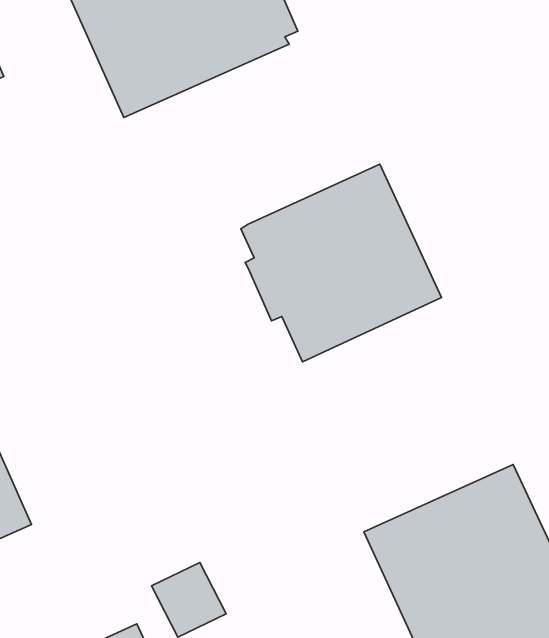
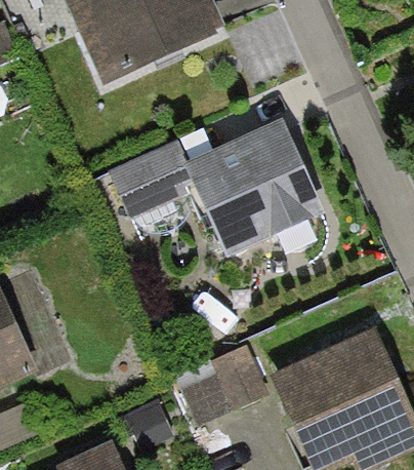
building: none -> [108,139,194,219]
building: none -> [181,345,270,425]

